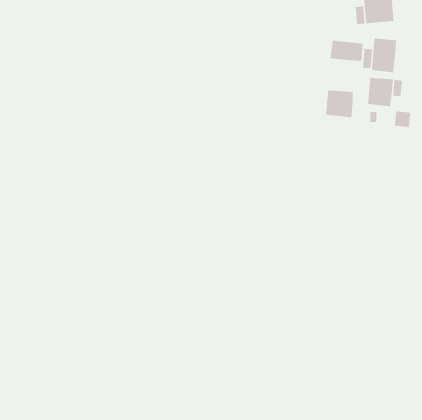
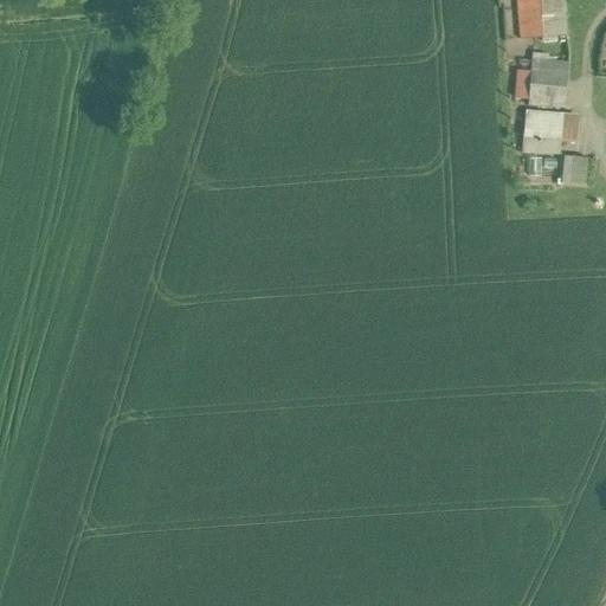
building: [330,40,364,61] -> none
building: [325,90,354,118] -> none

